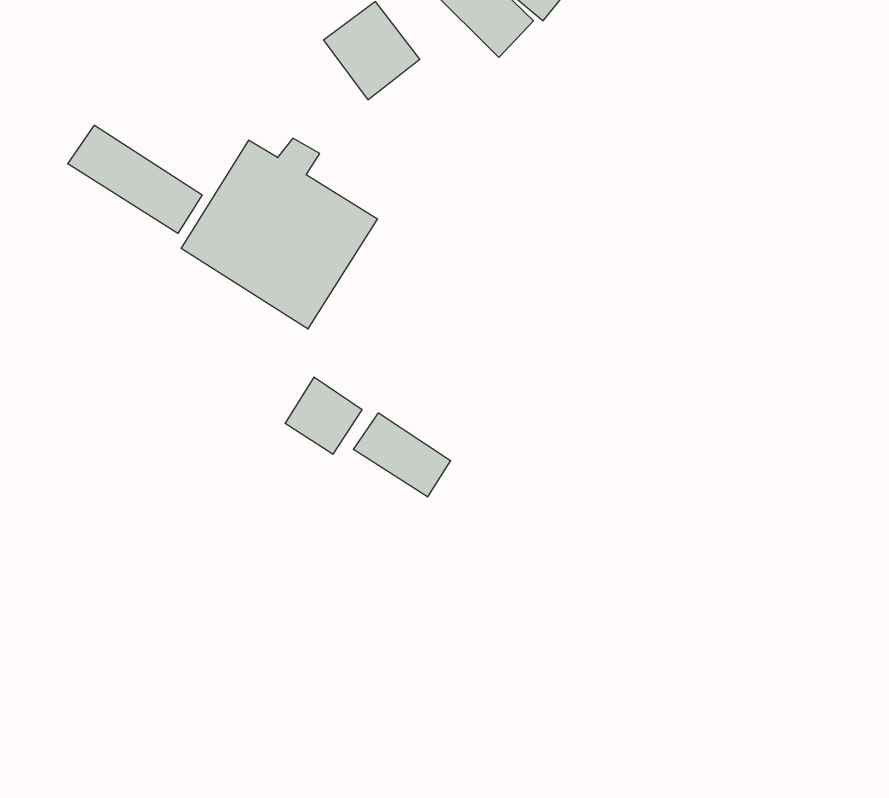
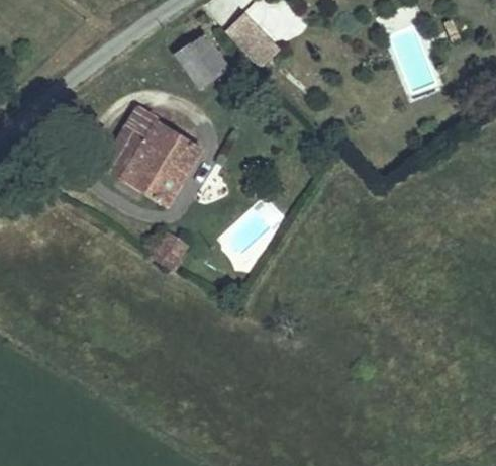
building: [68,125,202,233] -> none
building: [353,413,451,497] -> none

